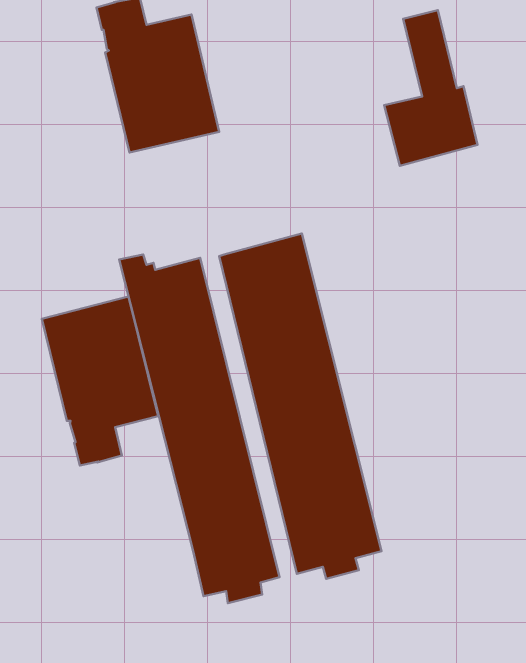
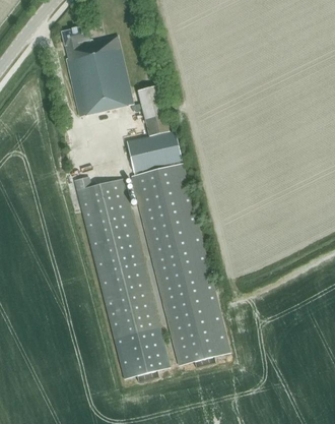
building: [384,10,477,166] -> [127,84,182,176]
building: [42,297,158,466] -> none

